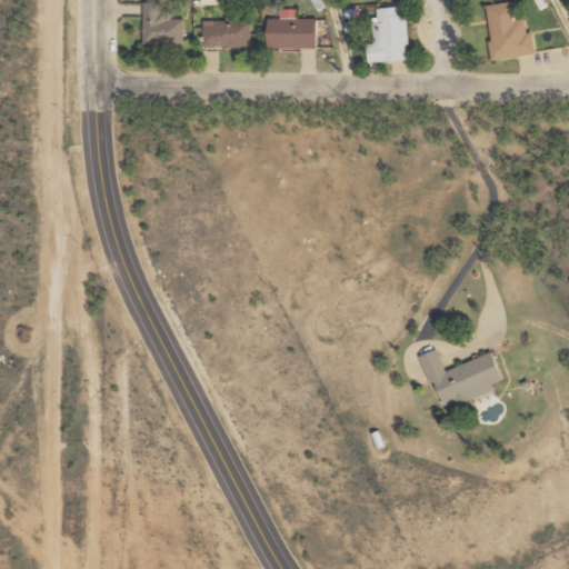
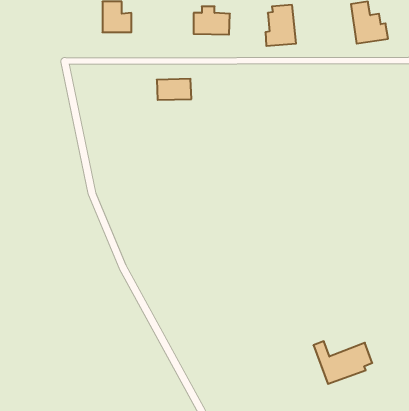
building: [201,19,249,48] -> [157,79,191,100]
building: [421,350,502,409] -> [313,341,372,384]

